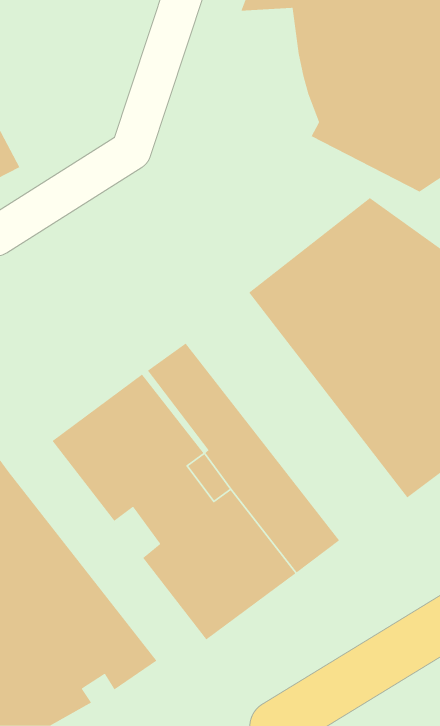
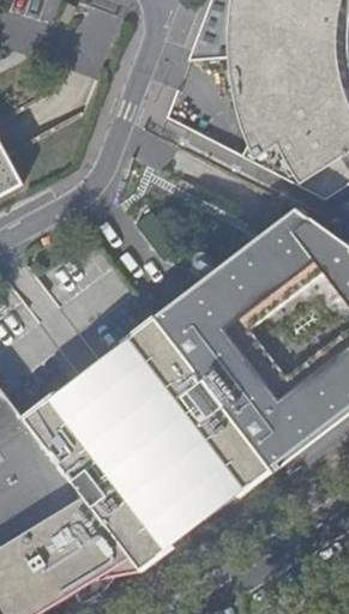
building: none -> [146,279,318,474]
building: none -> [12,393,163,570]

